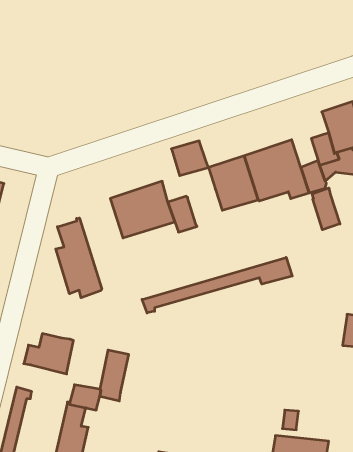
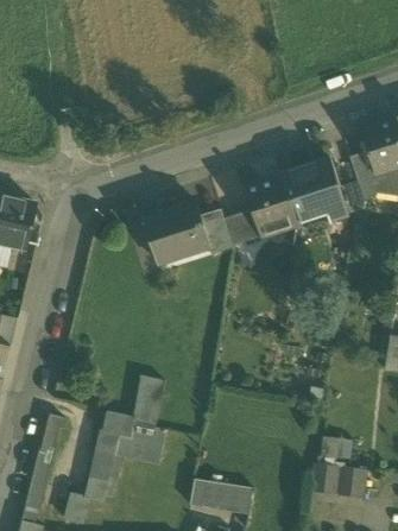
building: [171,141,208,176] -> [225,210,263,246]
building: [312,188,340,230] -> none
building: [56,218,102,298] -> none
building: [142,257,292,313] -> none
building: [24,334,73,374] -> [115,423,166,464]

